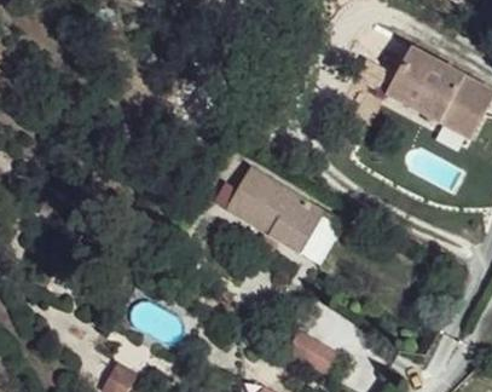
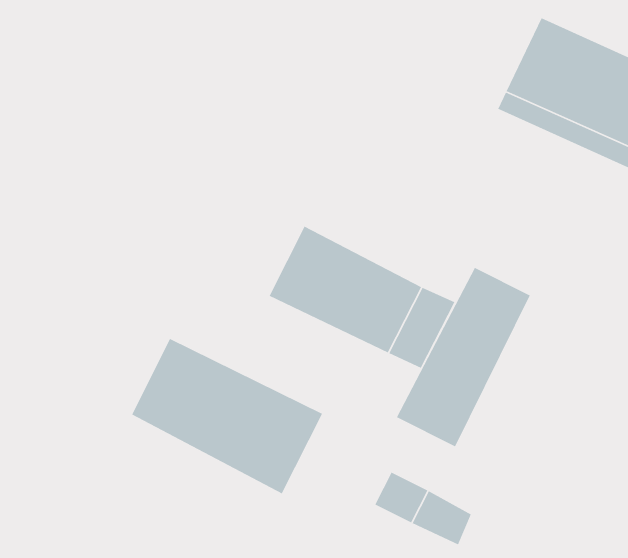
building: none -> [396,267,531,448]
building: none -> [131,338,323,495]

